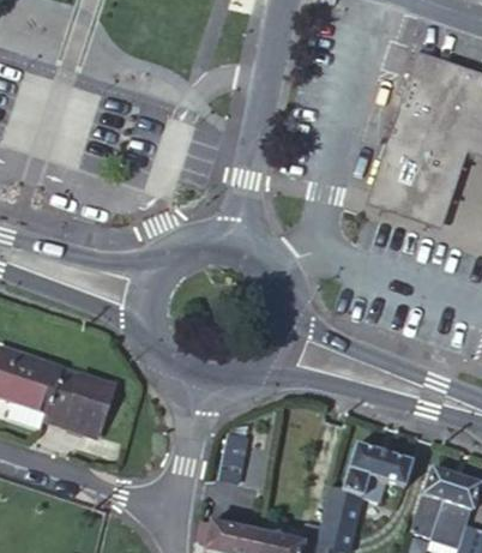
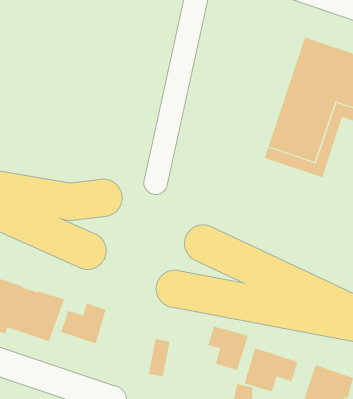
building: none -> [61,303,106,344]
building: none -> [208,326,249,371]

